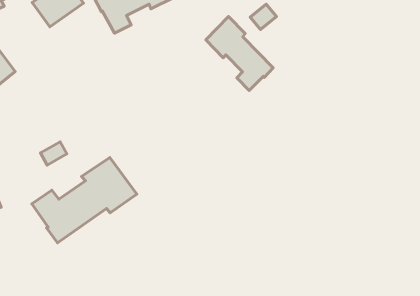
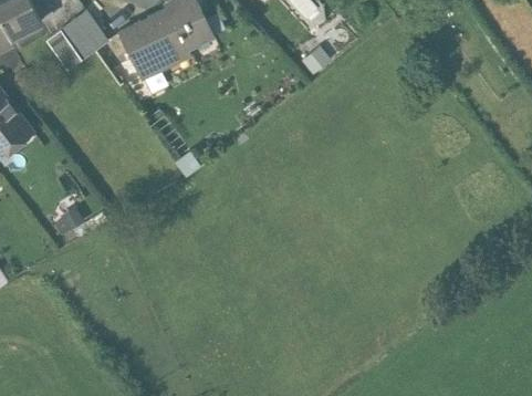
building: [206,17,273,90] -> none
building: [32,157,137,243] -> none

